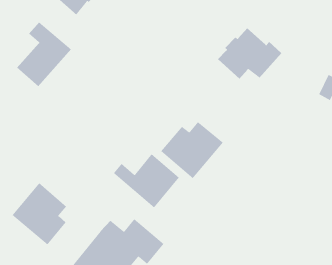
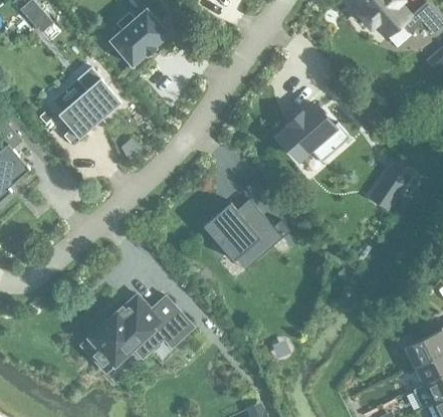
building: [113,153,180,209] -> none
building: [11,182,67,245] -> none

